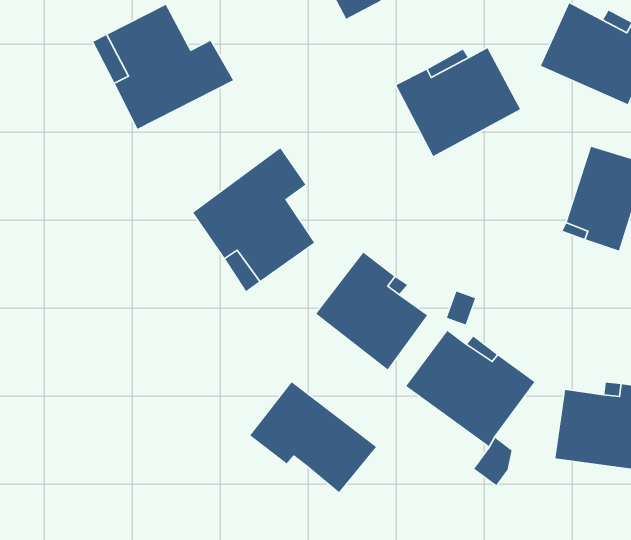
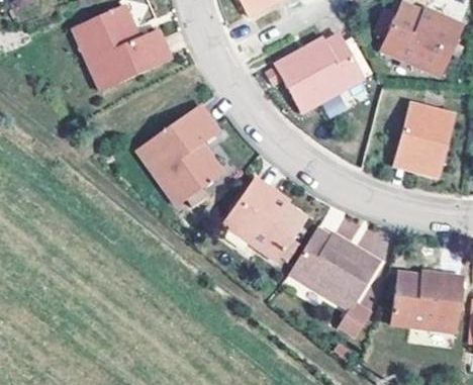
building: [249,381,377,493] -> none

